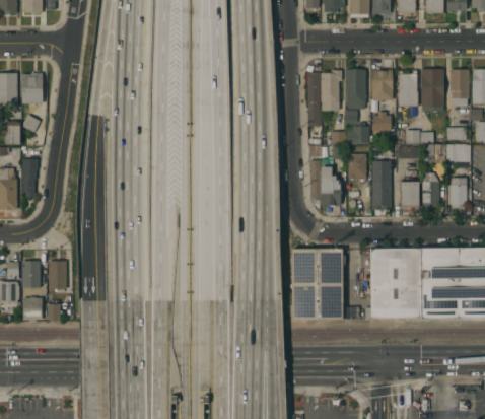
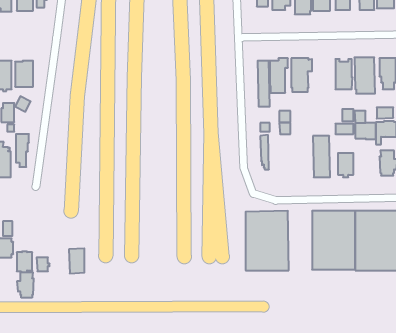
building: [371,69,393,99] -> none
building: [346,110,369,144] -> none
building: [373,111,392,138] -> none
building: [348,153,366,179] -> none
building: [321,166,341,205] -> none
building: [422,172,439,207] -> none
building: [21,260,40,290] -> none
building: [48,260,66,289] -> [69,248,84,273]
building: none -> [17,272,34,298]

